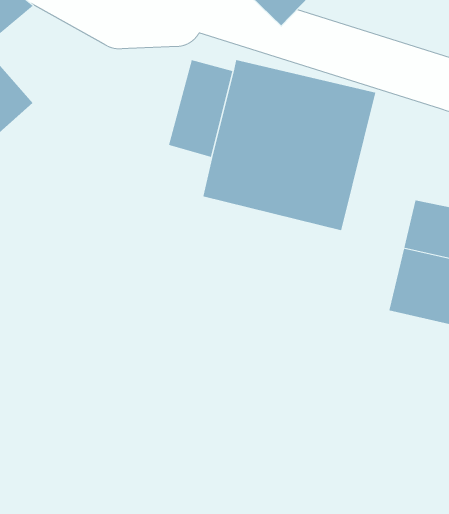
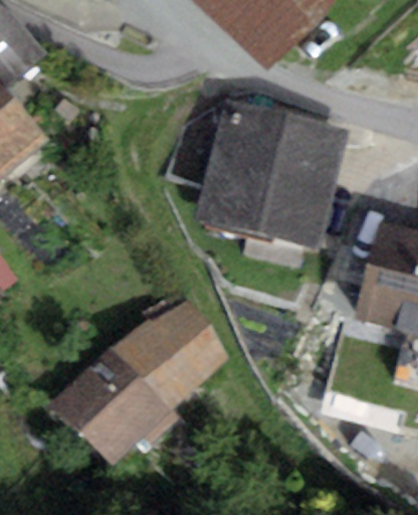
building: none -> [50,299,229,465]

